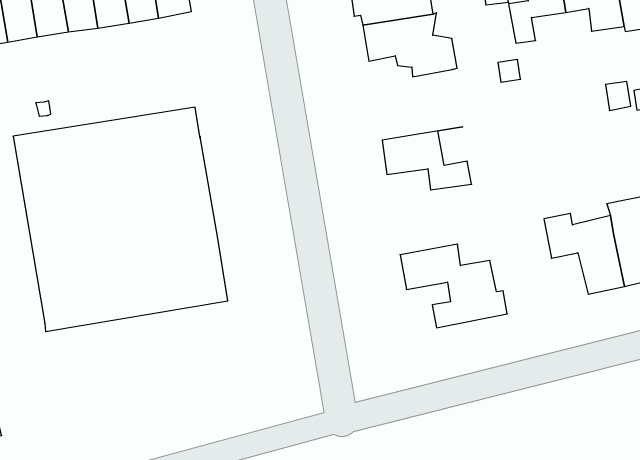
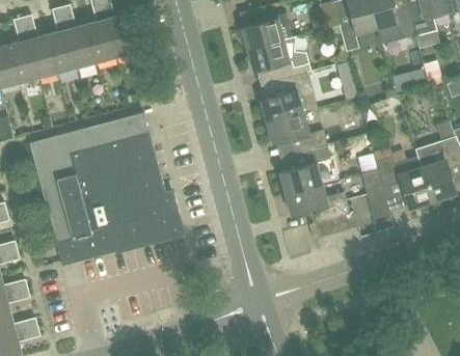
building: none -> [261,73,318,122]
building: none -> [279,145,331,195]
building: none -> [361,172,389,221]

